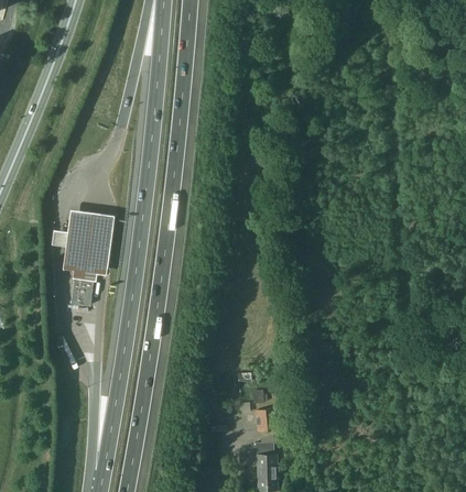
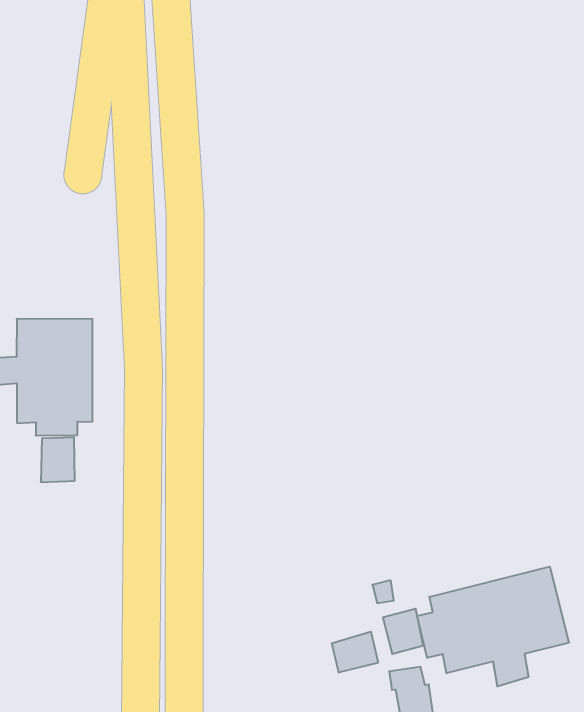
building: none -> [417,567,569,687]
building: none -> [332,632,378,673]

